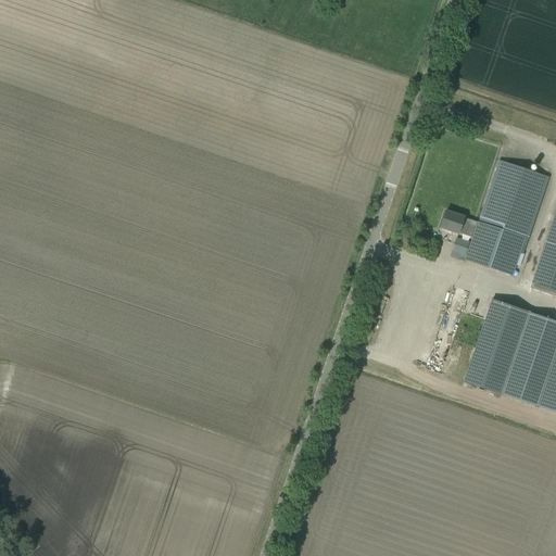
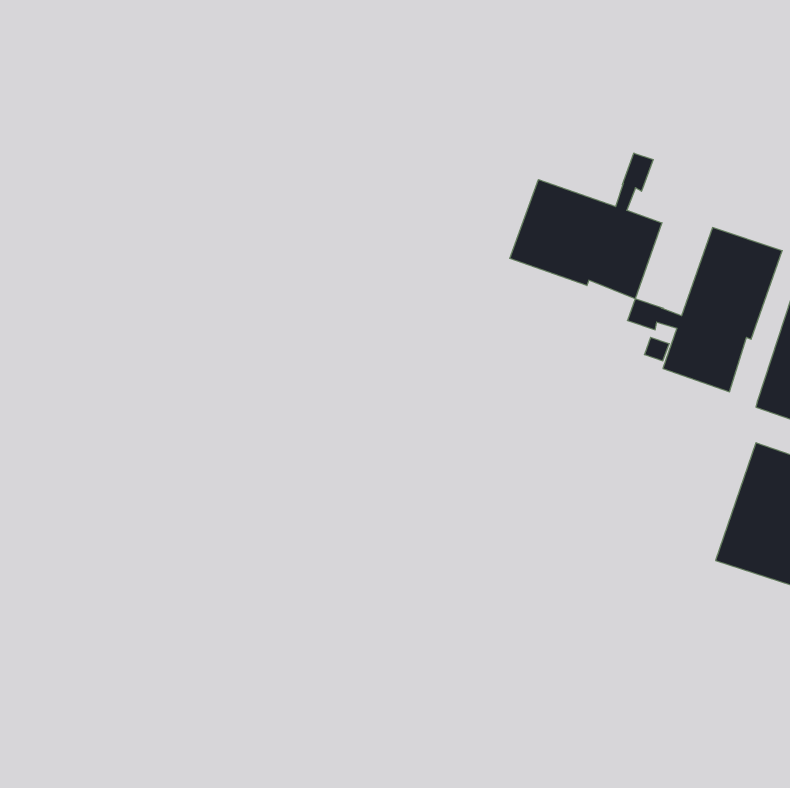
building: none -> [510,153,662,299]
building: [465,298,531,393] -> none

